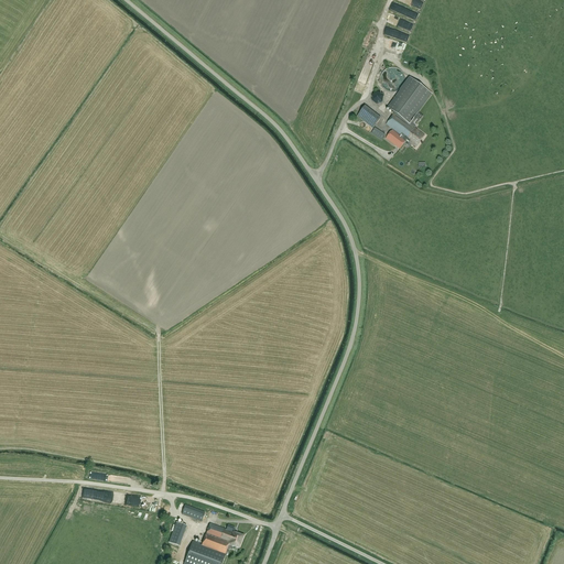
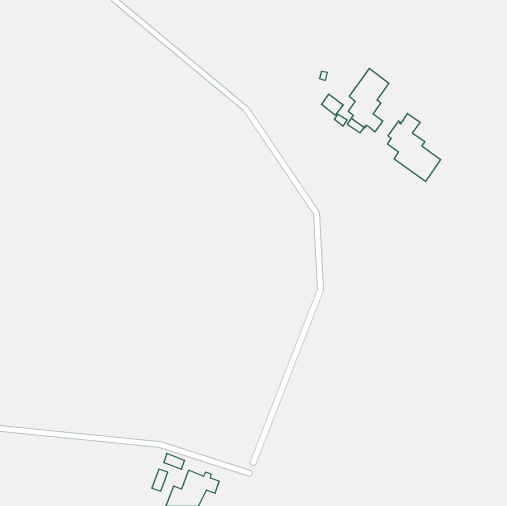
building: none -> [388,113,441,182]

